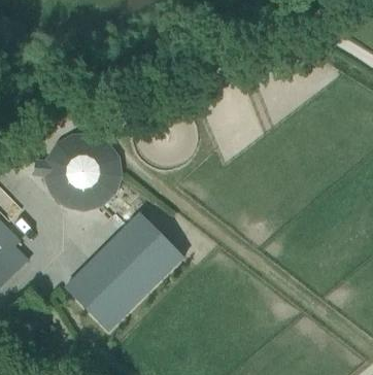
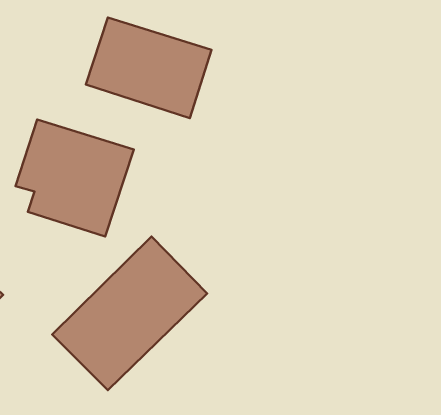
building: none -> [86,17,211,118]

